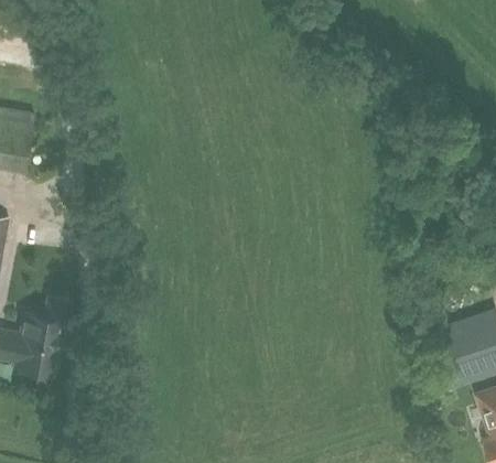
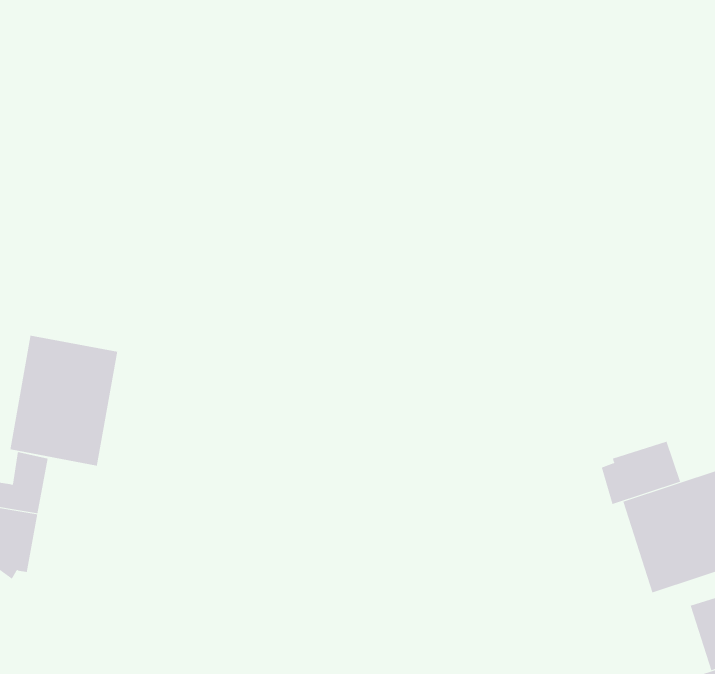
building: none -> [10,335,118,466]
building: none -> [601,441,681,505]

